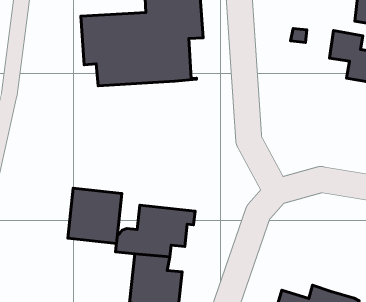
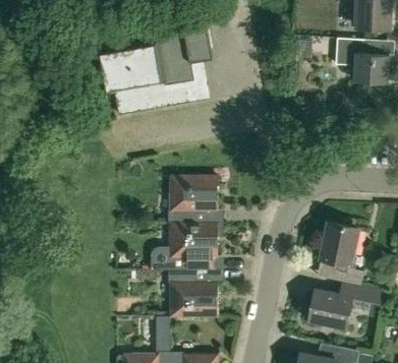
building: [68,188,122,243] -> [170,175,217,223]
building: none -> [317,222,363,285]

